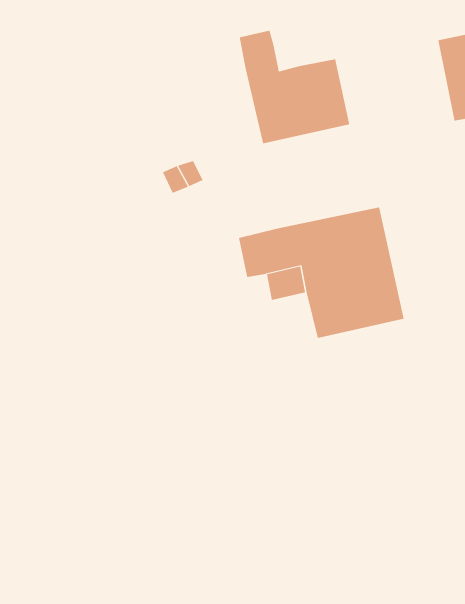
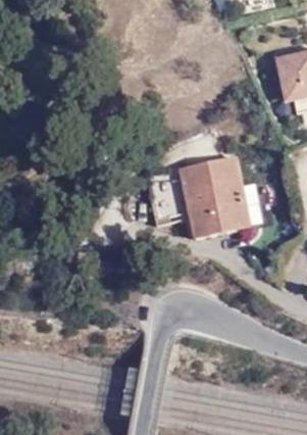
building: [239,30,350,144] -> none

